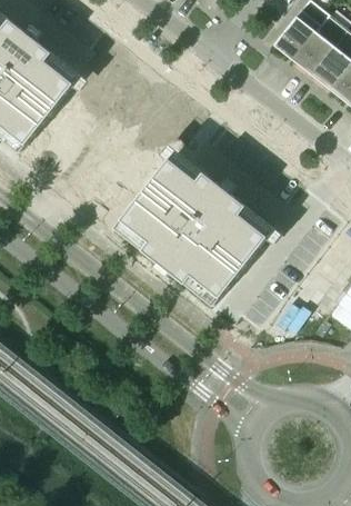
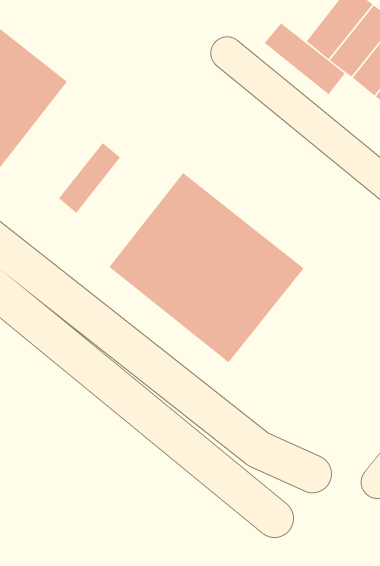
building: none -> [264,22,345,95]
building: none -> [58,142,121,214]

